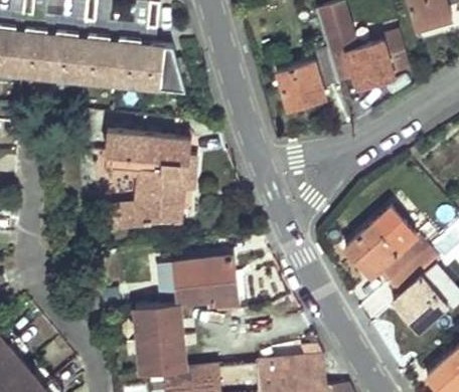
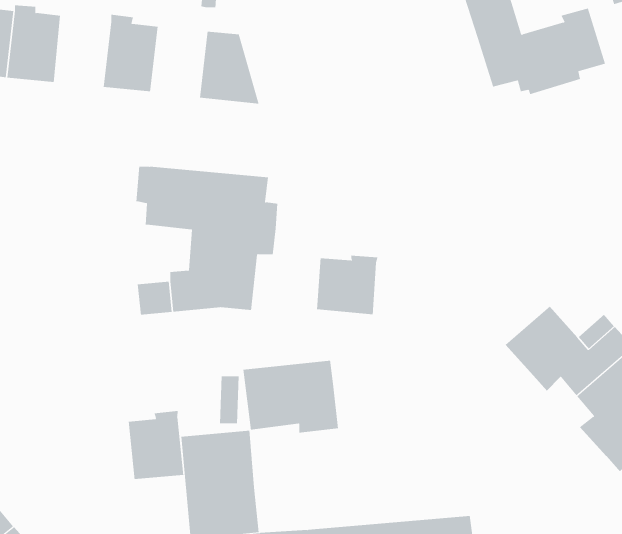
building: [52,31,89,81] -> none
building: [115,38,151,88] -> none
building: [275,49,336,110] -> none
building: none -> [317,255,378,315]
building: none -> [128,410,184,480]

